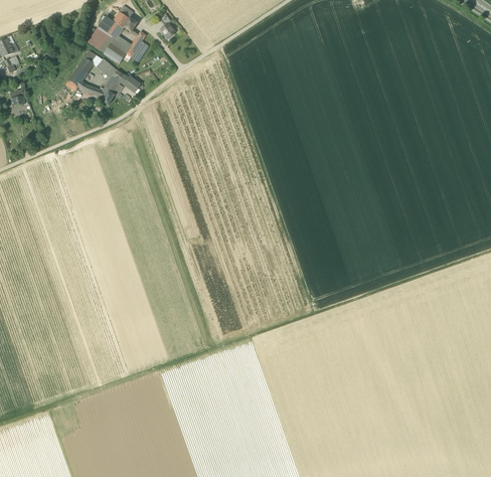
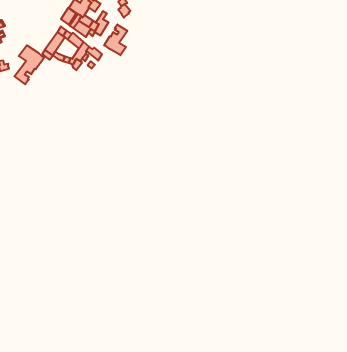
building: none -> [104,24,127,55]
building: none -> [14,45,45,84]

